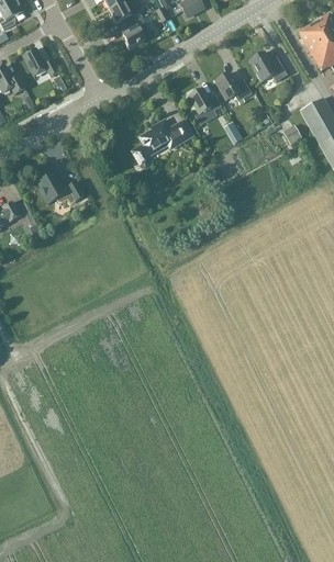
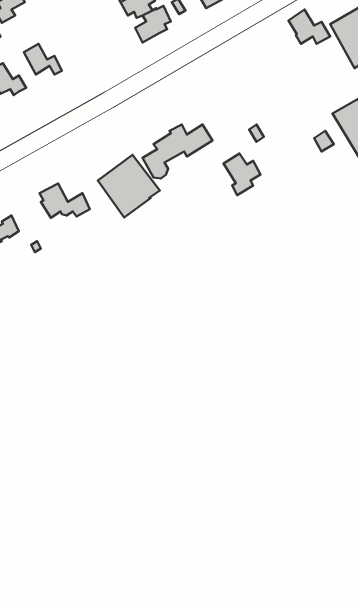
building: [249,49,287,80] -> [288,10,330,44]
building: [216,70,252,100] -> none
building: [188,87,221,124] -> [224,154,260,195]
building: none -> [98,155,160,217]

